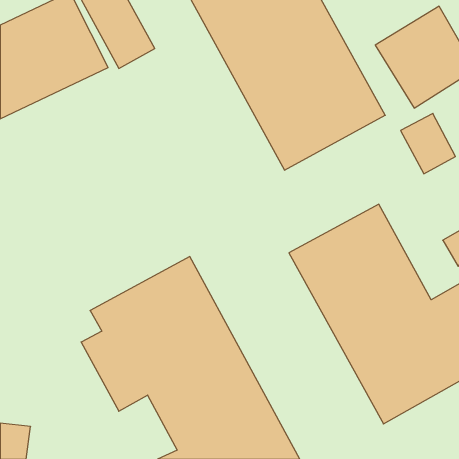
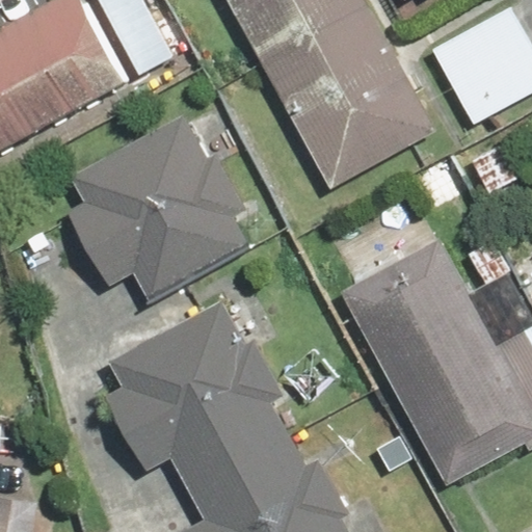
building: none -> [68,112,256,308]

